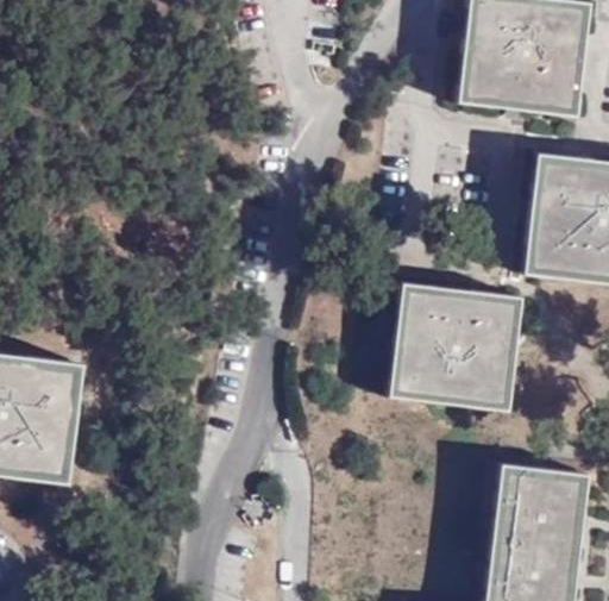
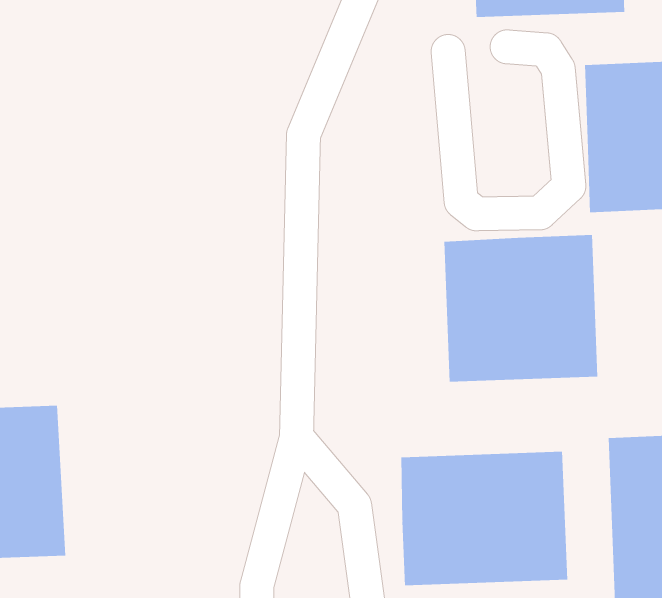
building: none -> [401,451,568,586]

